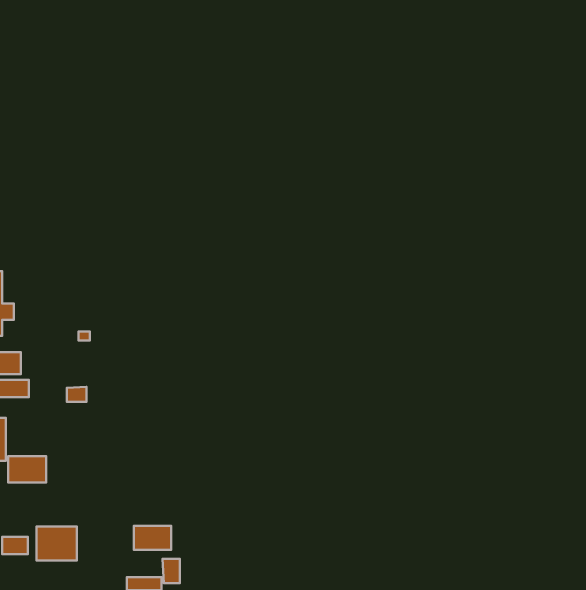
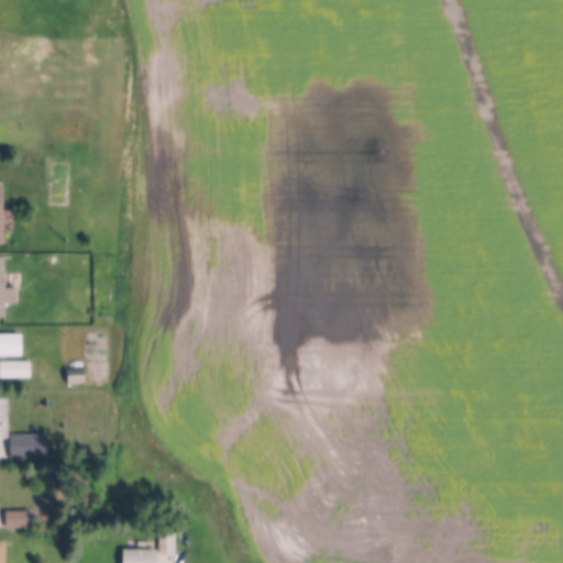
building: [134,526,171,550] -> none
building: [36,526,77,560] -> none

